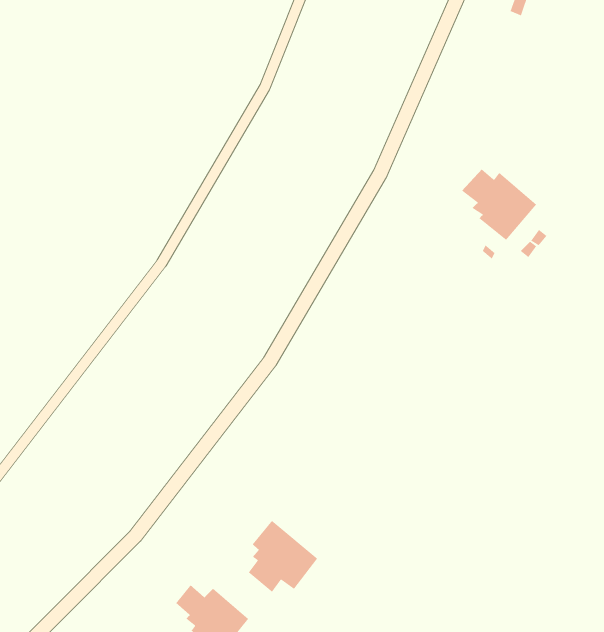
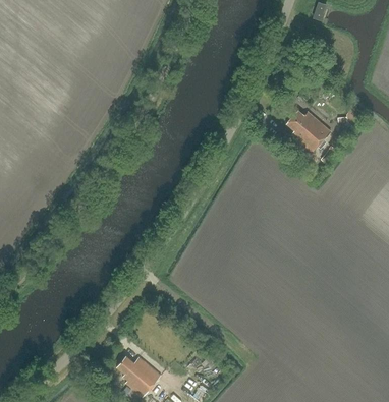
building: [248,520,318,593] -> none

